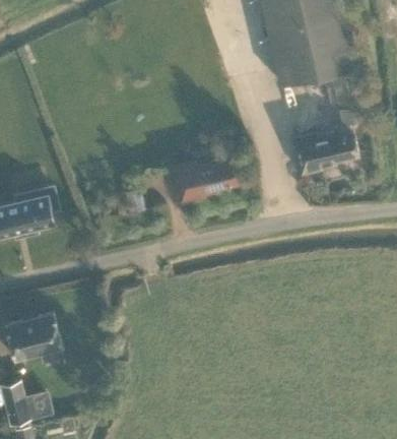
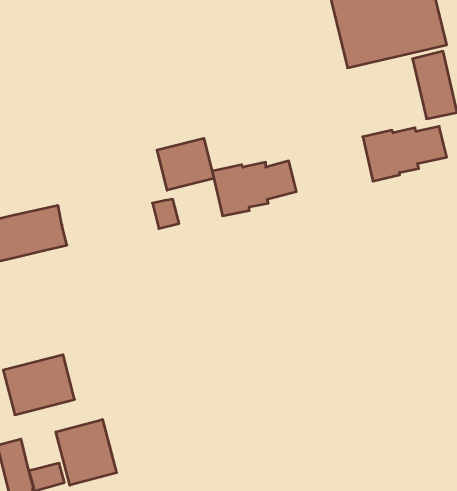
building: none -> [157,138,214,190]
building: none -> [56,419,117,485]

